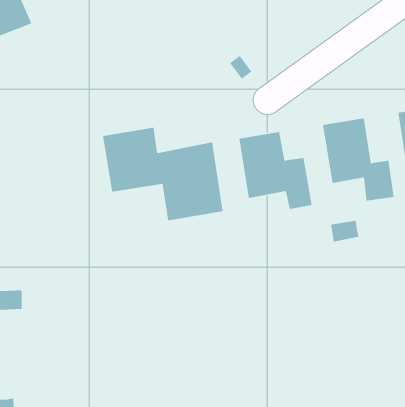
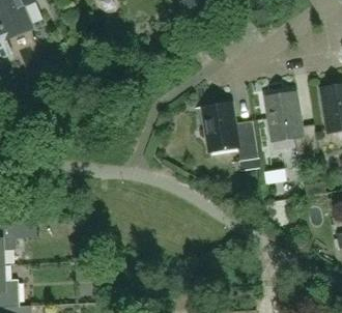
building: [102,127,223,221] -> none

